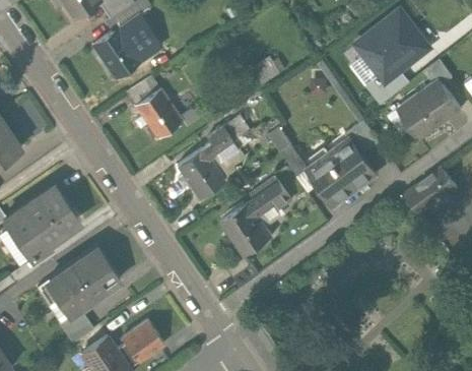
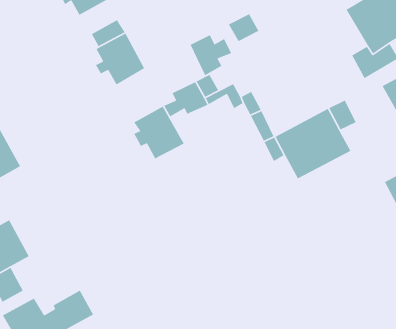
building: none -> [190,34,232,76]
building: [220,181,292,257] -> none
building: [74,250,121,299] -> none

